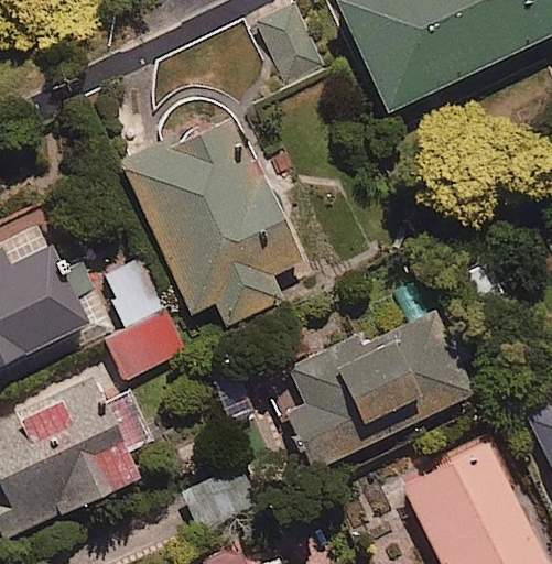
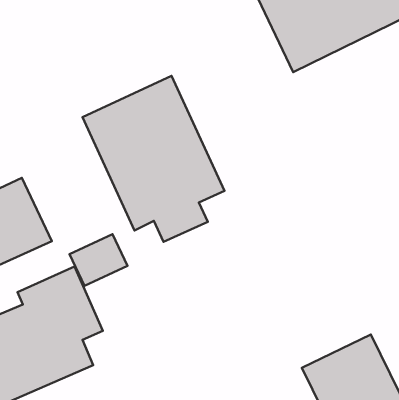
building: [286,315,473,468] -> none

